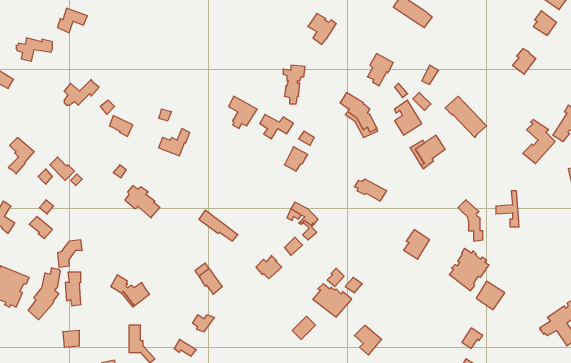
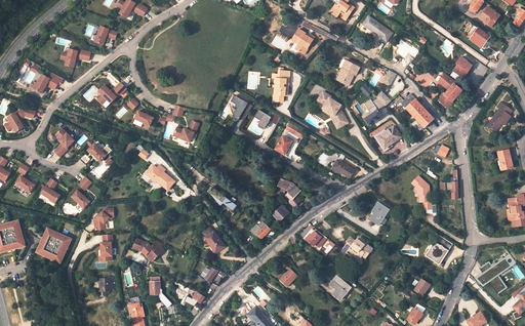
building: [523,120,555,164] -> [436,72,461,107]
building: [449,248,489,291] -> none
building: [28,268,60,320] -> none
building: [313,284,352,317] -> [342,236,373,262]

